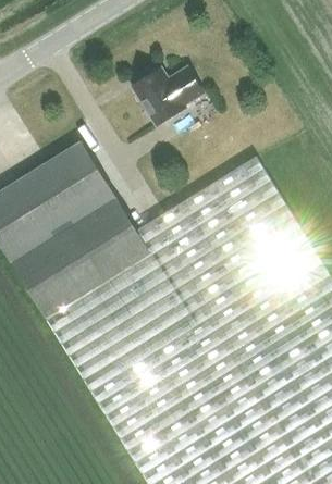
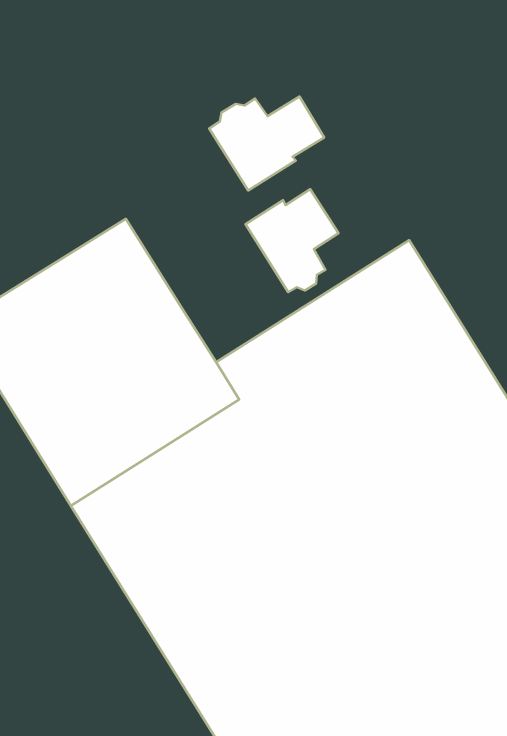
building: none -> [245,189,338,292]

